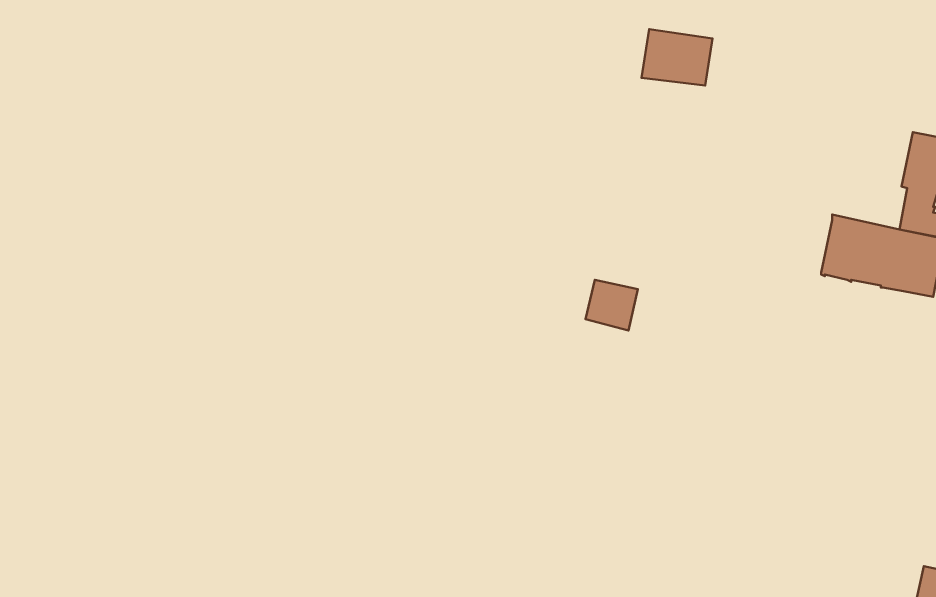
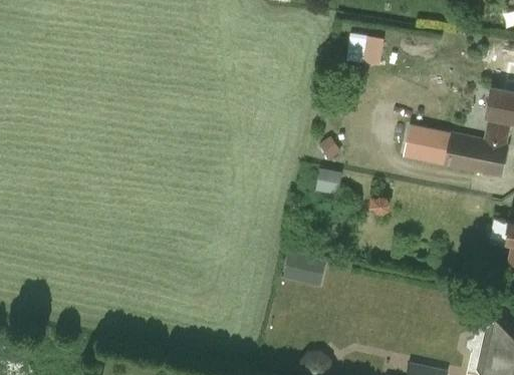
building: none -> [405,127,449,163]
building: none -> [283,250,328,286]

